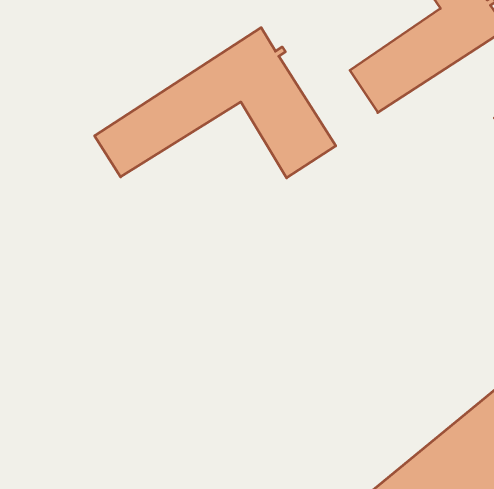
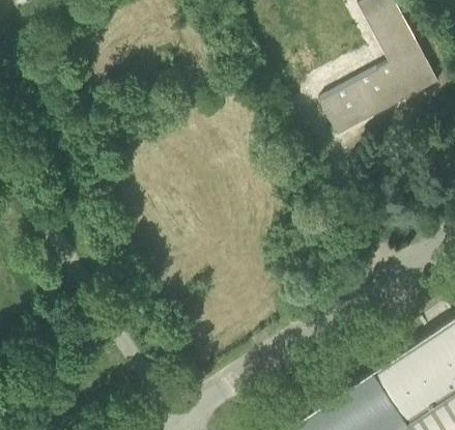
building: [95,28,336,178] -> none

